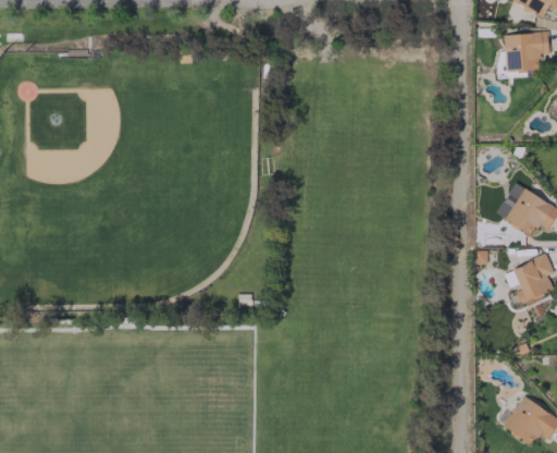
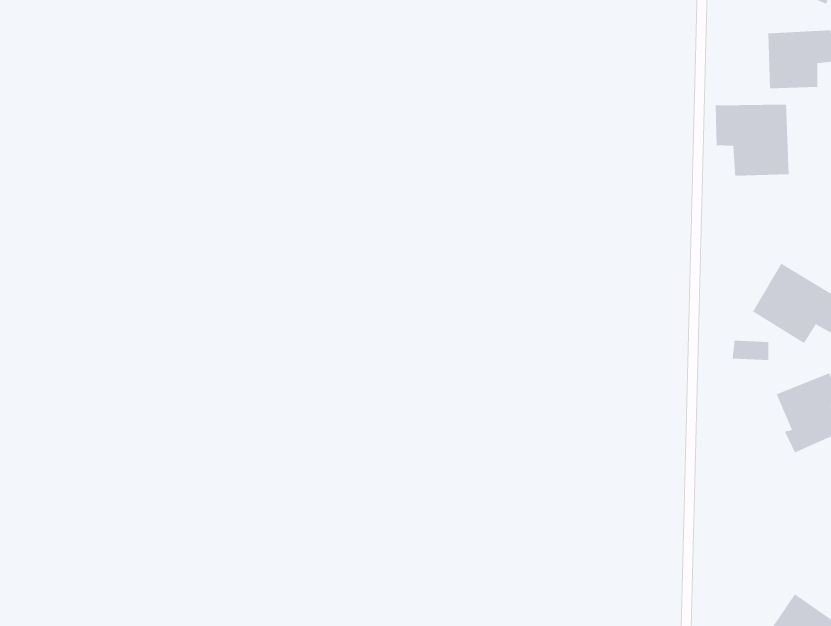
building: none -> [715,104,789,177]

